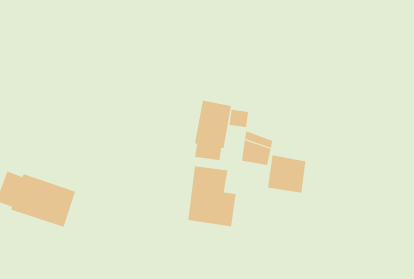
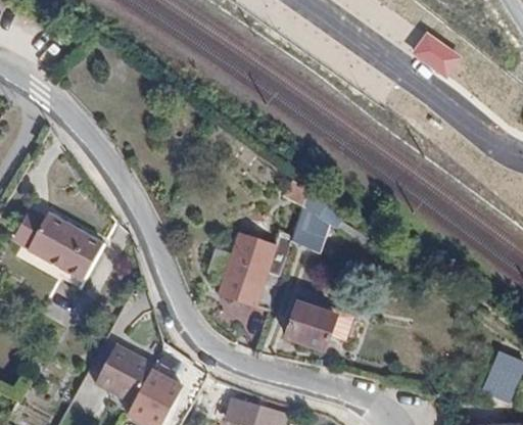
building: [194,100,231,161] -> none
building: [267,155,306,193] -> [288,301,336,349]

